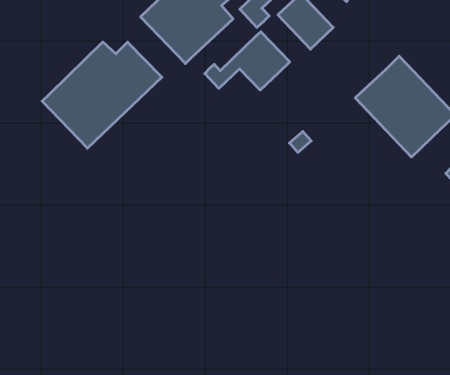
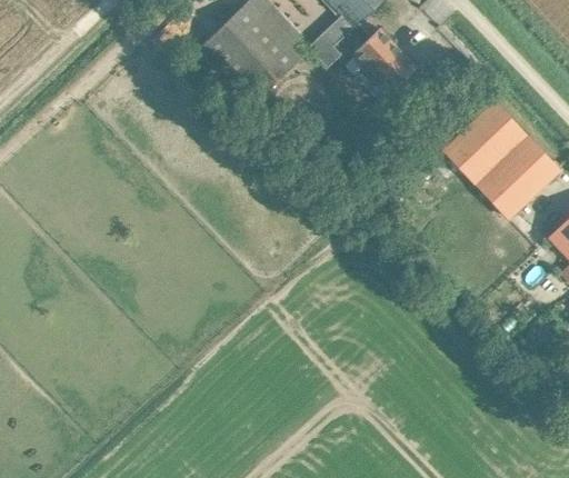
building: [205,32,290,90] -> none
building: [42,42,162,148] -> none

